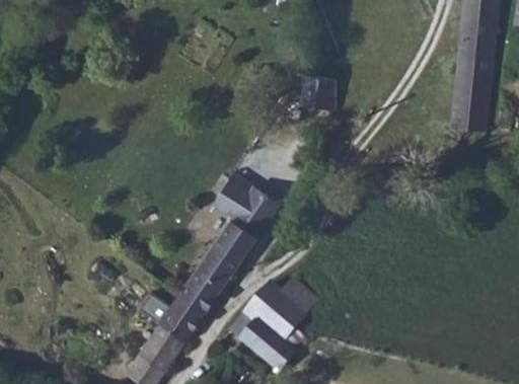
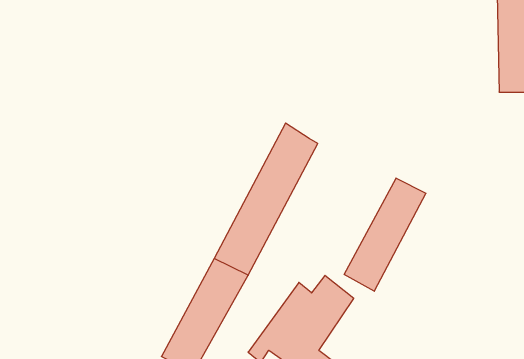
building: [300,76,336,110] -> none
building: none -> [344,178,426,291]

